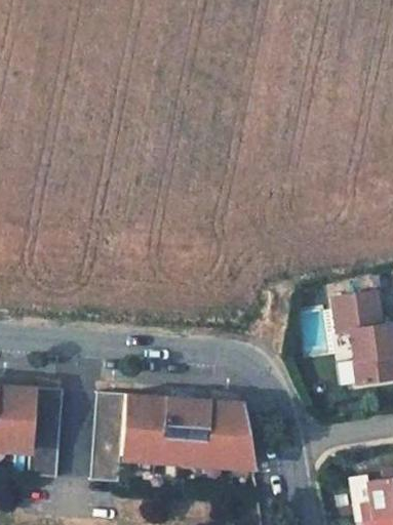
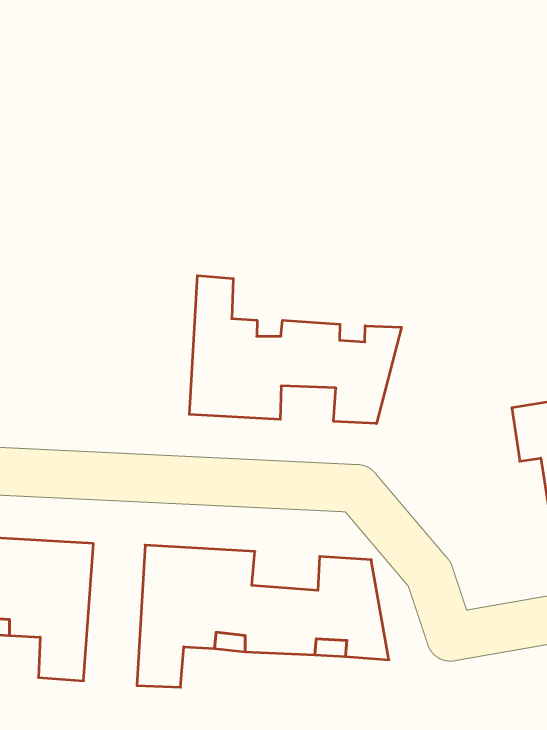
building: none -> [189,276,401,424]

